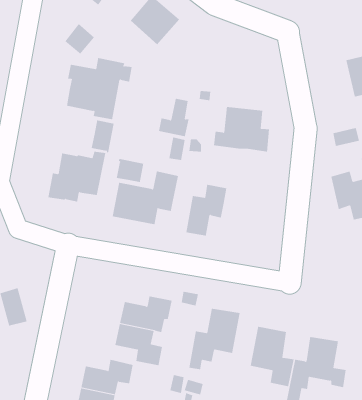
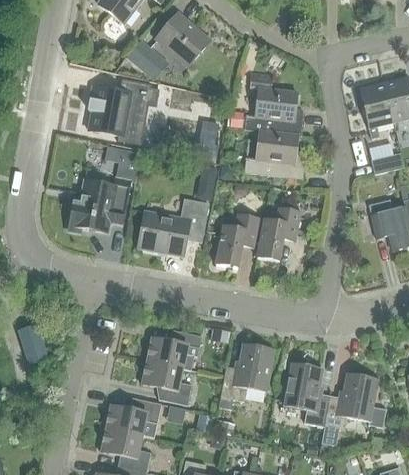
building: [64,23,95,54] -> [126,39,158,72]
building: none -> [243,73,304,136]
building: none -> [359,82,393,139]
building: [116,158,144,183] -> none
building: none -> [256,206,300,261]

